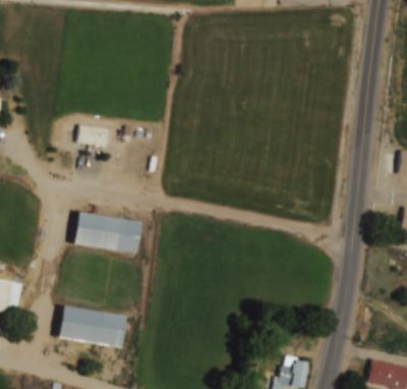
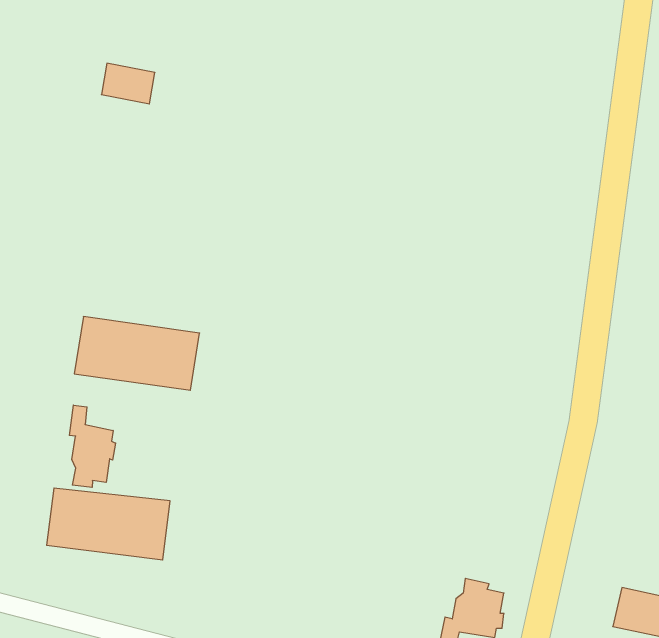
building: [78,124,108,147] -> [101,63,155,104]
building: none -> [69,405,116,487]

